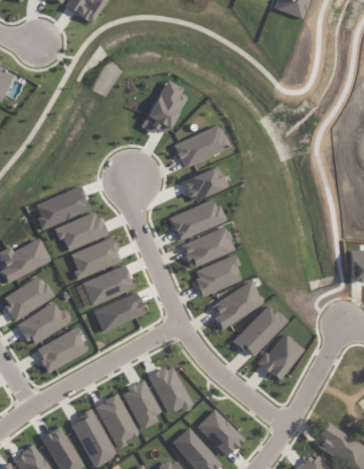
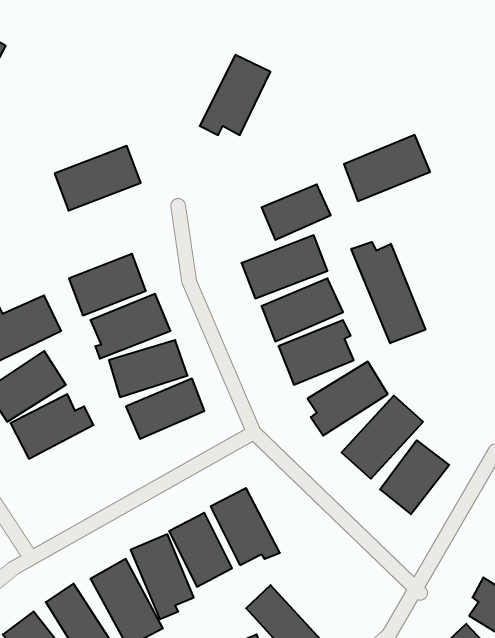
building: [173,125,229,168] -> [344,135,430,201]
building: [33,187,89,229] -> [55,146,141,211]
building: none -> [351,242,425,343]
building: [35,327,87,372] -> none
building: [196,410,243,457] -> none

